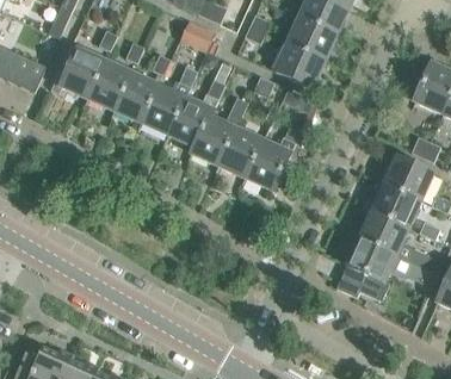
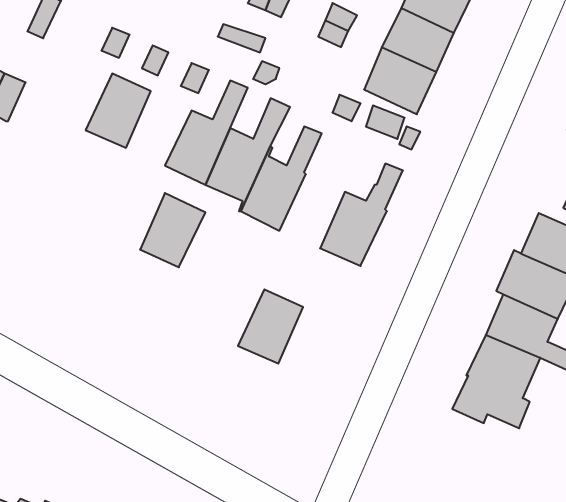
building: [60,49,105,99] -> none
building: [115,73,159,123] -> [140,193,205,267]
building: [218,129,262,179] -> [238,289,303,364]

